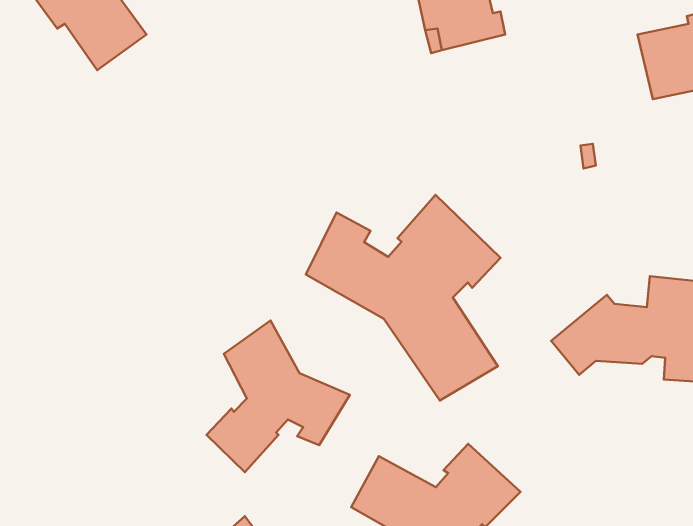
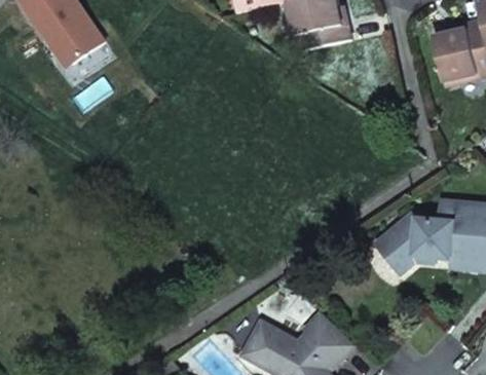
building: [306,195,501,400] -> none
building: [207,320,350,472] -> none

